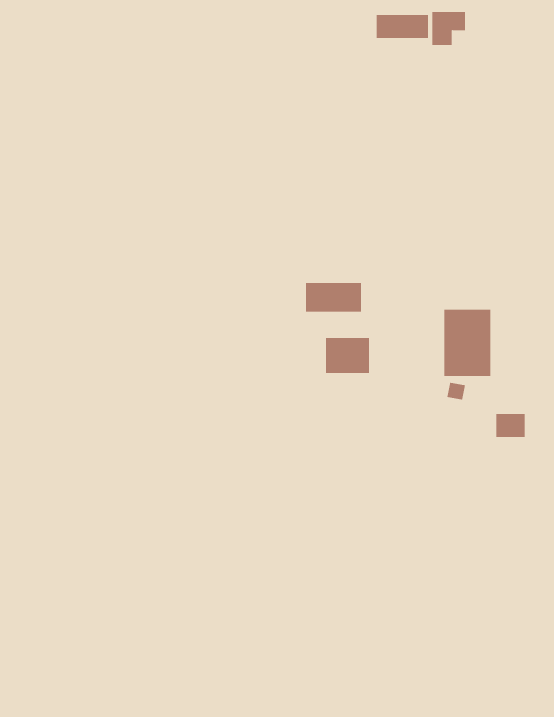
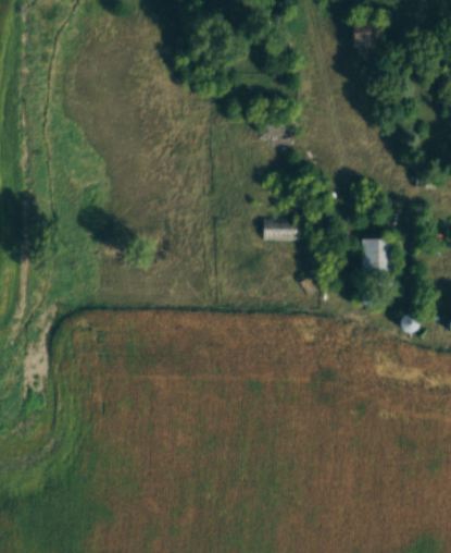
building: [376,14,428,39] -> none
building: [325,337,370,374] -> none

